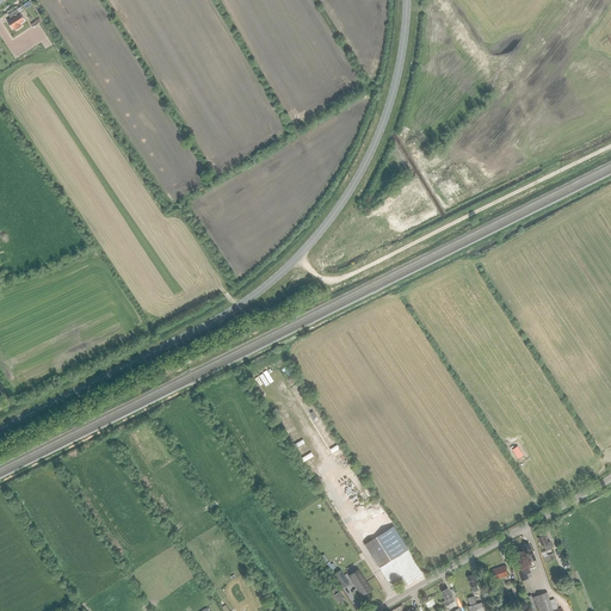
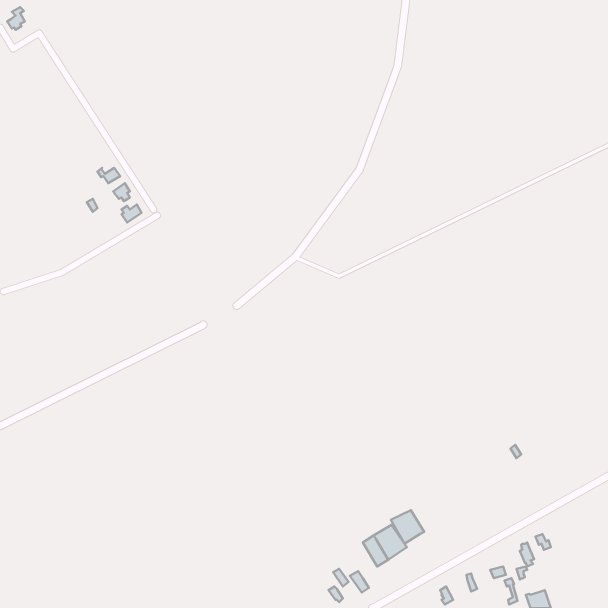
building: none -> [391,510,424,543]

